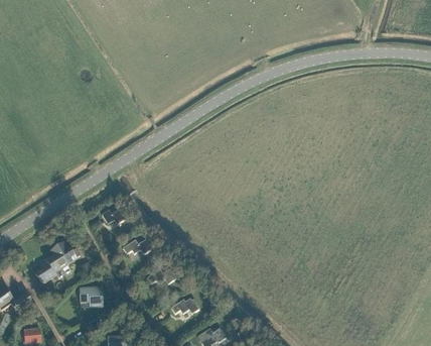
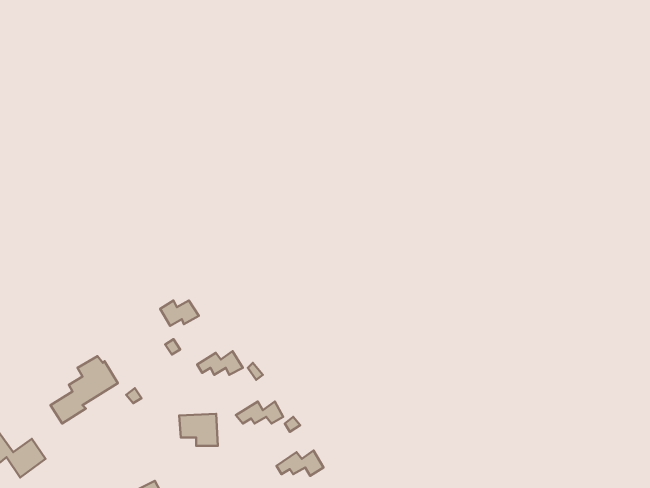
building: [79,286,102,306] -> [179,414,218,446]

